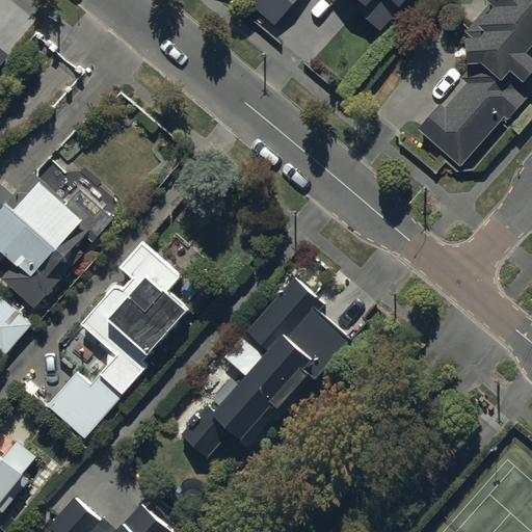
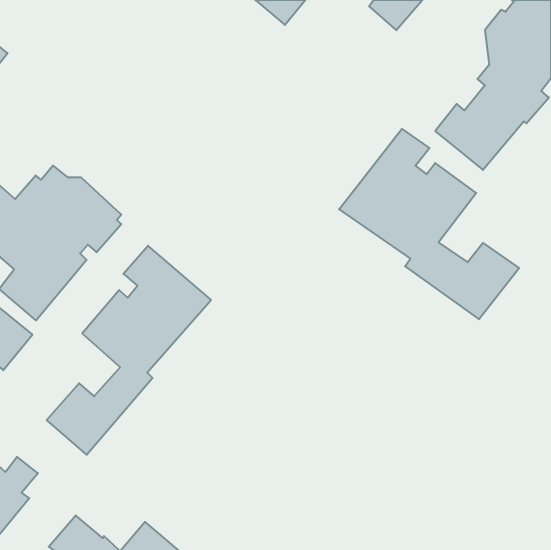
building: none -> [339,129,519,319]
building: [180,277,352,459] -> none

